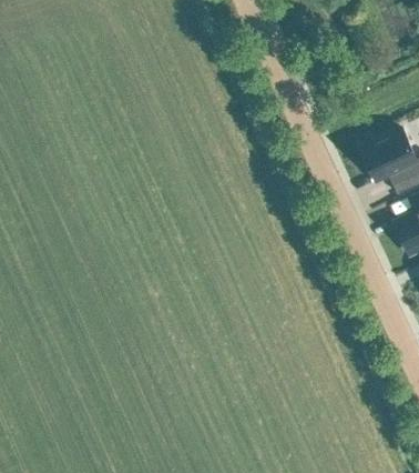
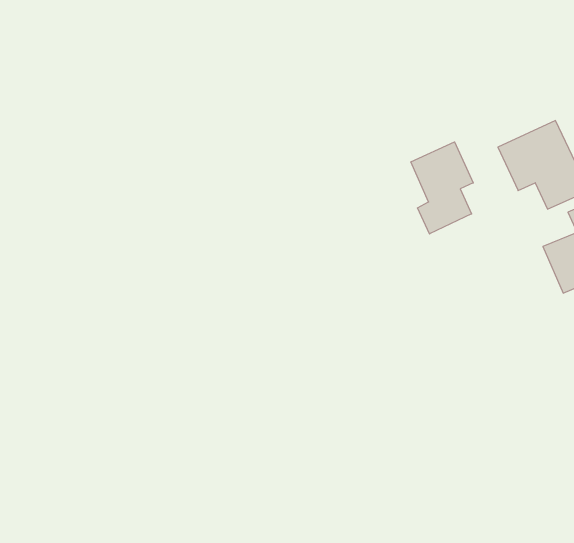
building: none -> [411,142,473,234]

